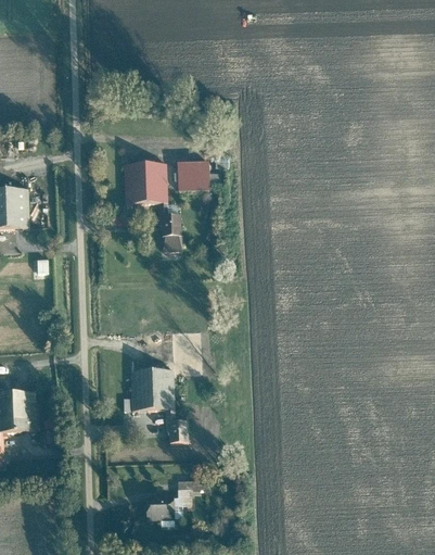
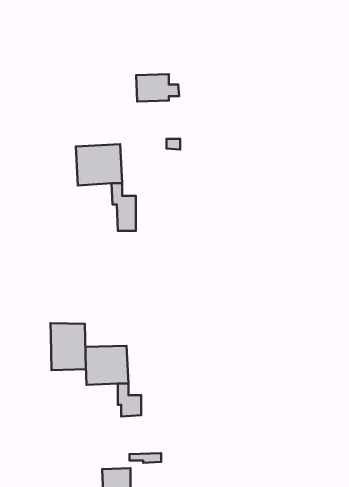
building: [178,162,222,190] -> [136,74,179,101]
building: none -> [50,323,86,370]

